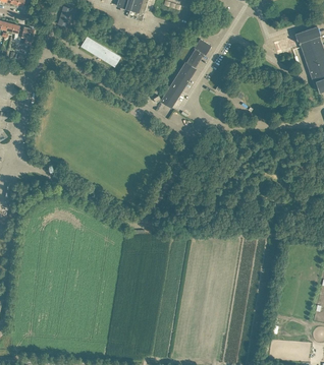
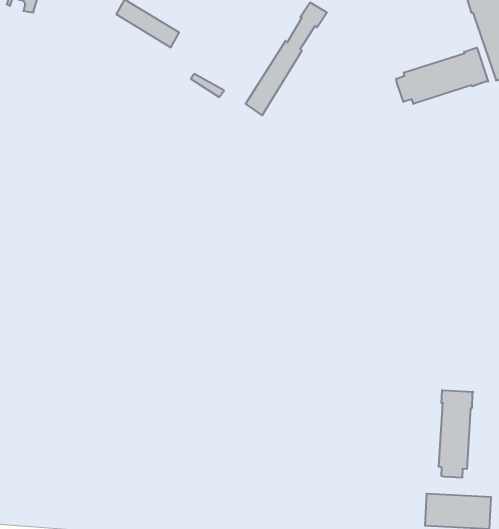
building: none -> [396,48,488,104]
building: none -> [439,390,473,478]

